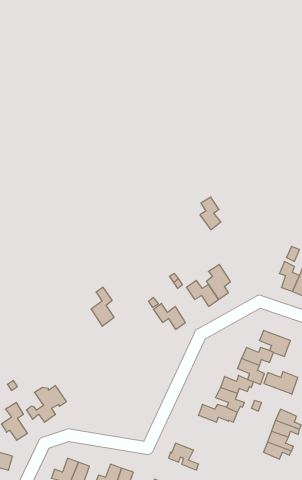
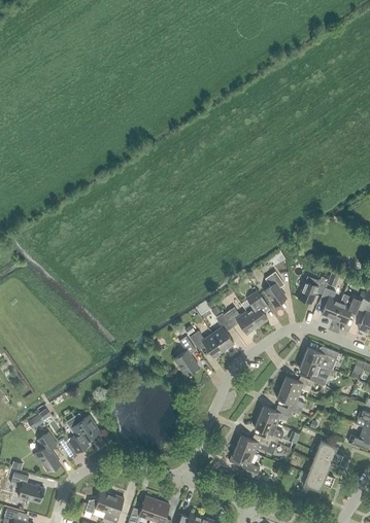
building: [200,197,221,230] -> [264,272,285,306]
building: none -> [298,276,327,303]
building: none -> [212,313,234,350]
building: [91,287,114,326] -> [174,336,198,376]
building: [264,372,298,395] -> [303,346,338,370]
building: [169,443,199,470] -> [229,446,260,474]

